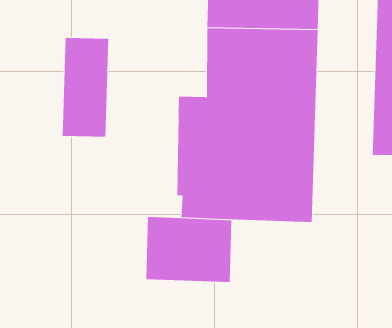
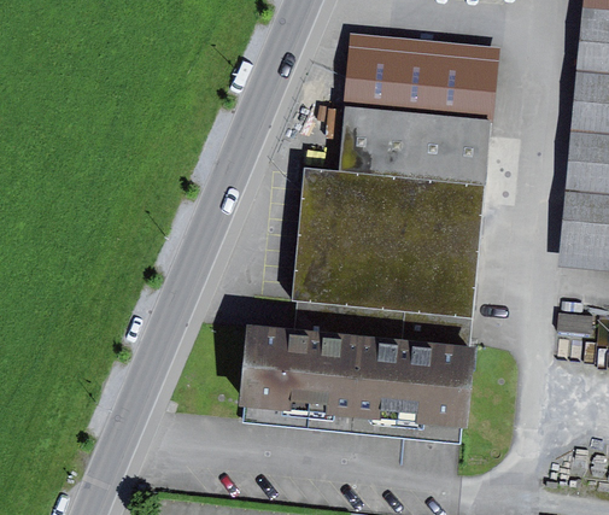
building: [62,37,109,138] -> none
building: none -> [355,341,478,437]

